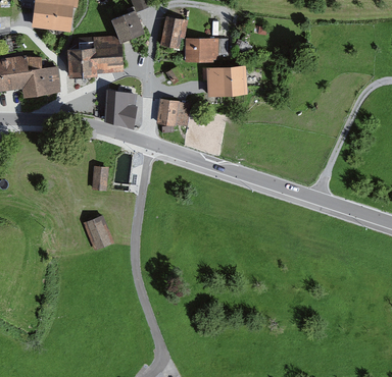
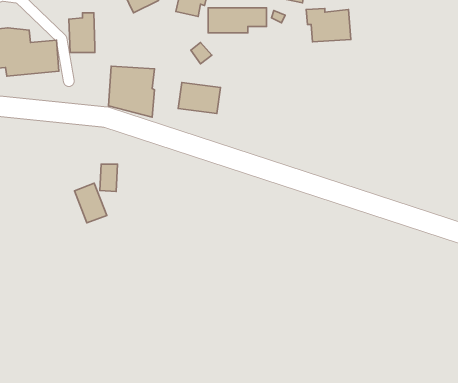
building: [89,43,121,71] -> none
building: [204,66,241,94] -> [306,8,351,42]
building: [86,218,112,251] -> [74,183,107,223]

